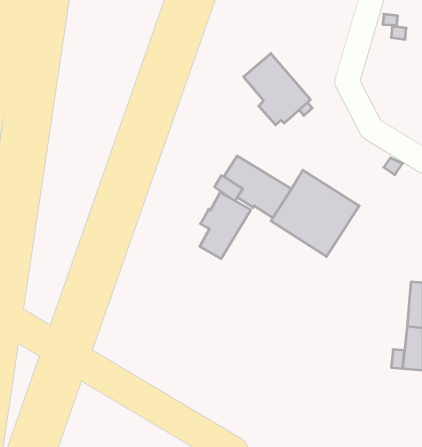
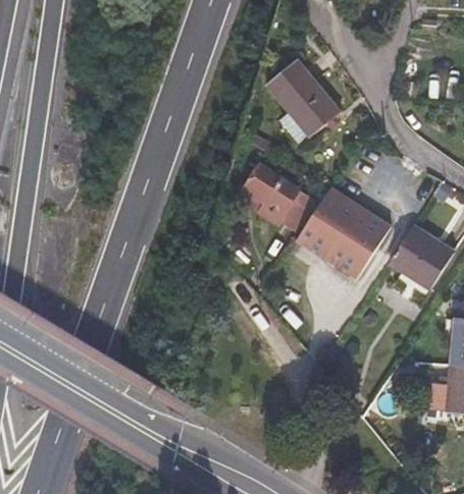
building: [200,193,251,259] -> none
building: none -> [388,225,451,287]

